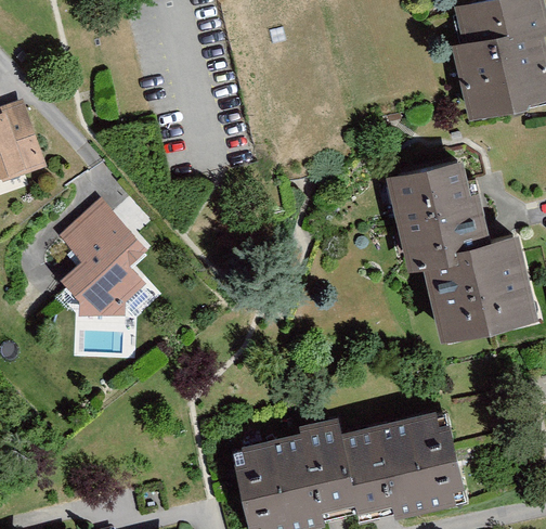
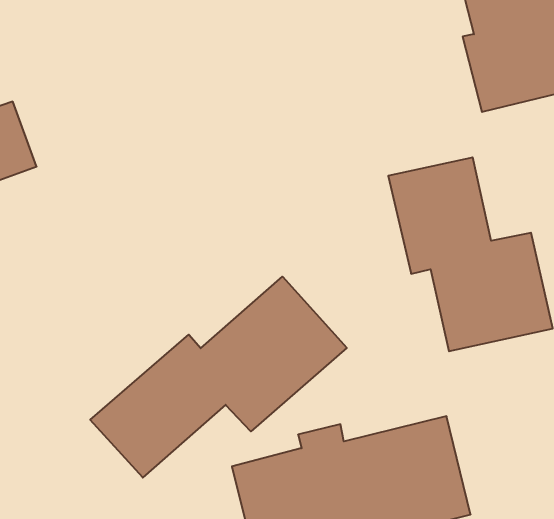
building: [56,199,150,317] -> none
building: none -> [90,277,347,478]

